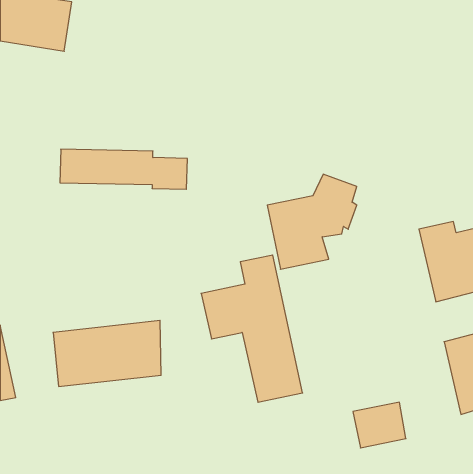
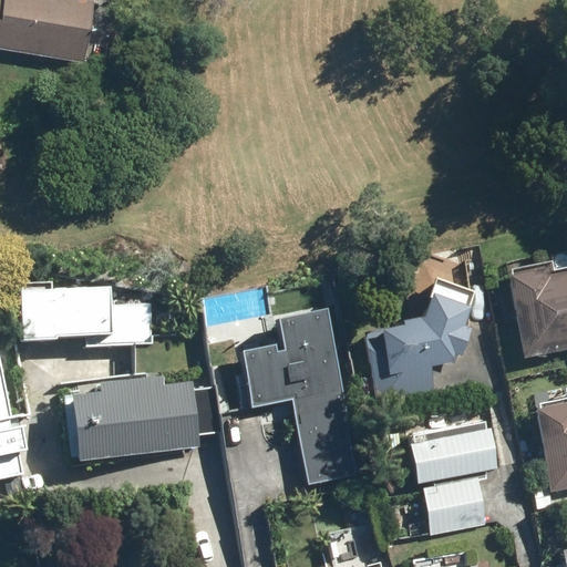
building: [60,149,187,189] -> [22,293,174,341]
building: [267,174,357,269] -> [360,292,466,405]
building: none -> [410,427,497,483]

